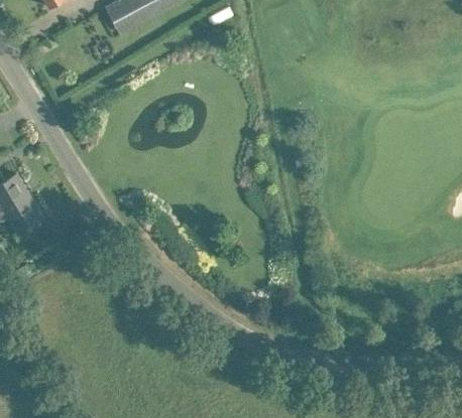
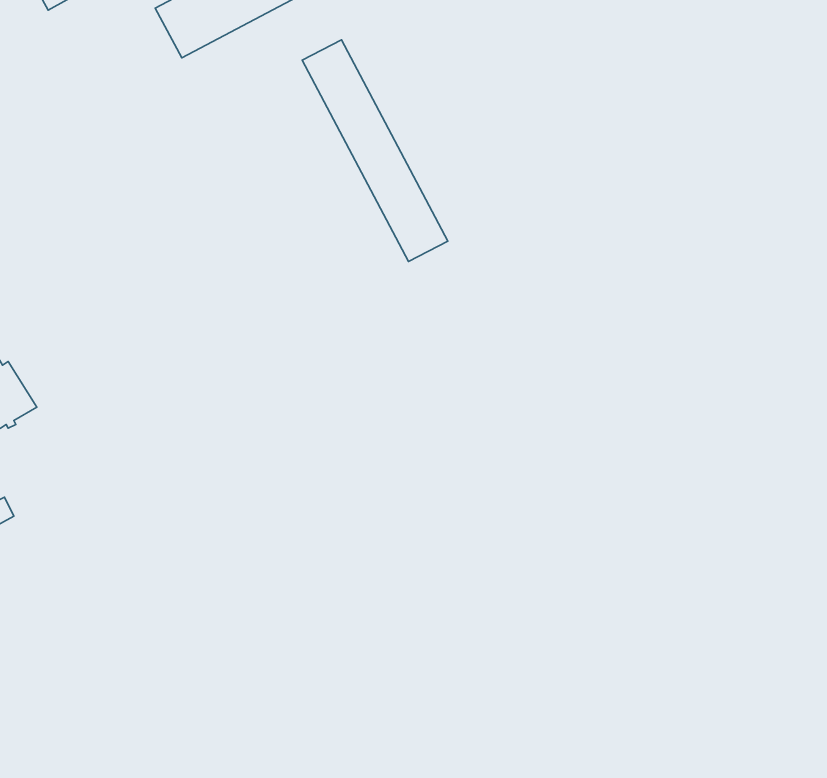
building: none -> [302,40,448,262]

